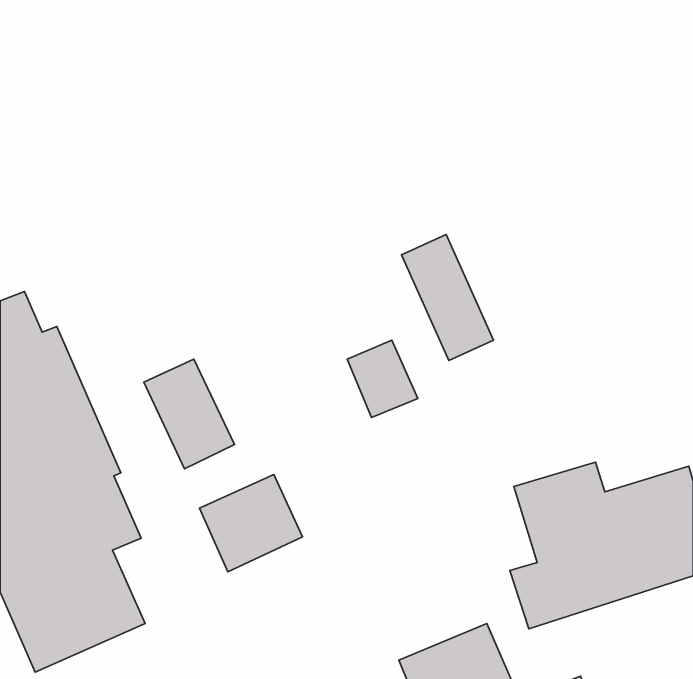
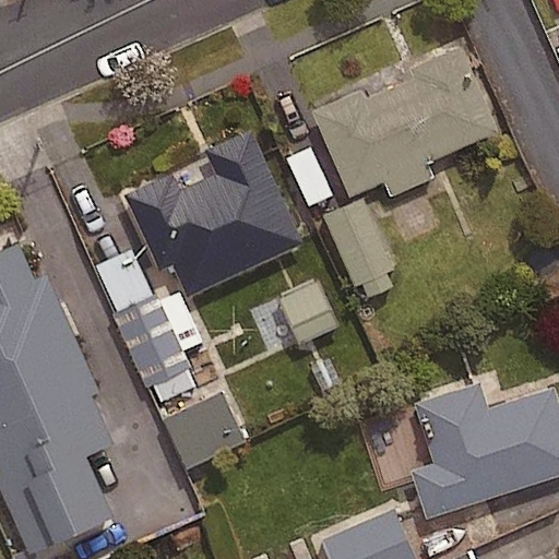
building: none -> [312,44,501,200]
building: none -> [122,128,305,299]

